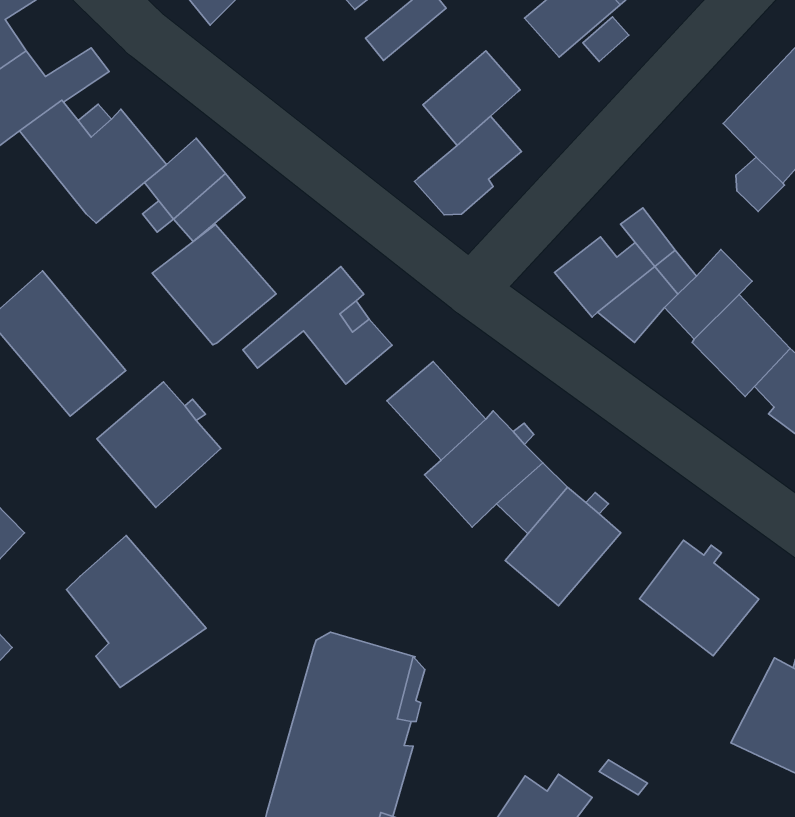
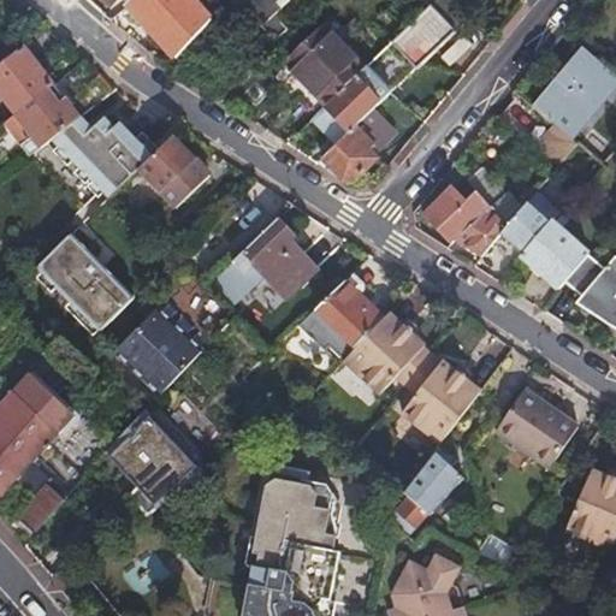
building: none -> [296,36,365,103]
building: [152,225,276,345] -> none
building: none -> [380,444,461,535]

